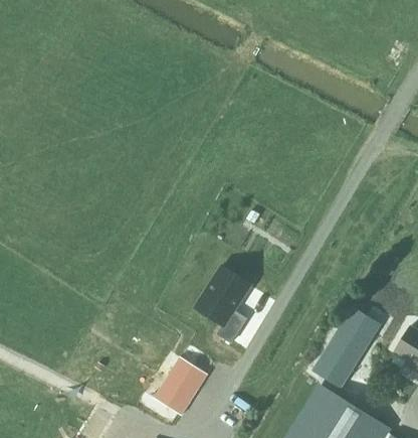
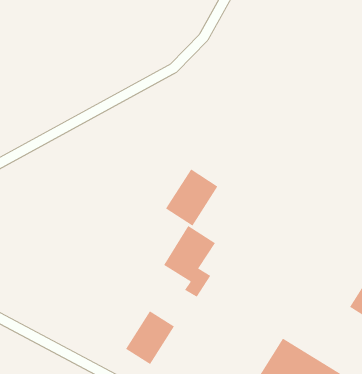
building: none -> [165,169,218,226]
building: [312,316,375,389] -> none

